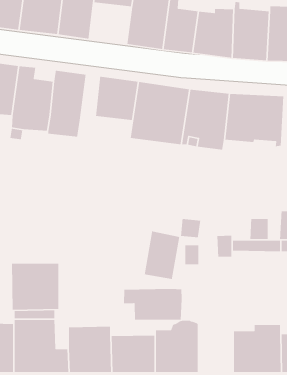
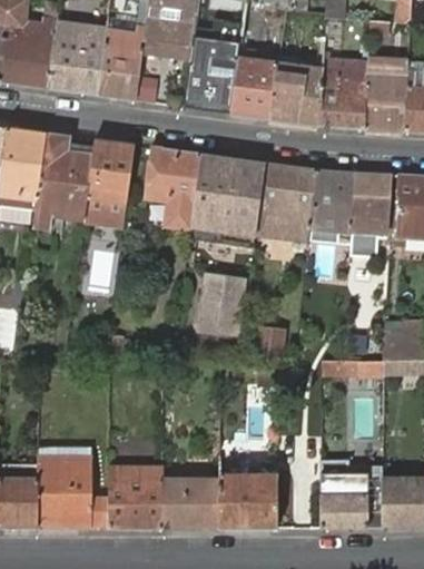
building: [144,230,180,280] -> [194,274,240,337]
building: [11,263,59,310] -> none
building: [123,288,183,321] -> none

